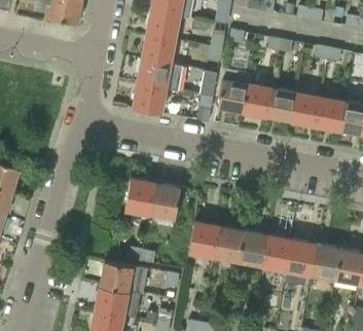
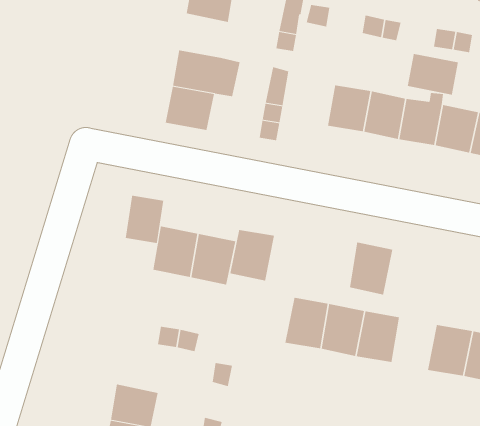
building: [142,36,176,66] -> none
building: none -> [407,53,458,96]
building: [218,79,248,112] -> none
building: none -> [125,195,164,244]
building: [189,224,220,259] -> [229,229,275,281]
building: [287,242,317,278] -> [349,242,393,295]
building: [100,262,147,294] -> none

